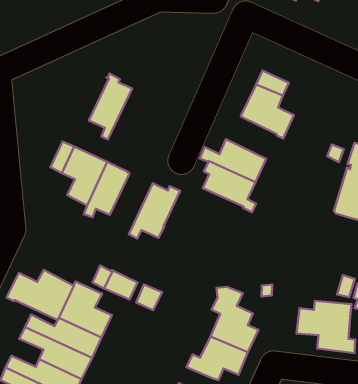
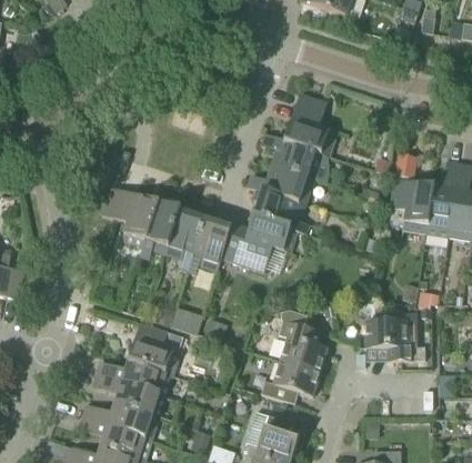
building: [89,73,132,140] -> [167,204,205,270]
building: none -> [262,133,329,183]
building: none -> [221,213,298,272]
building: [6,270,74,320] -> none

